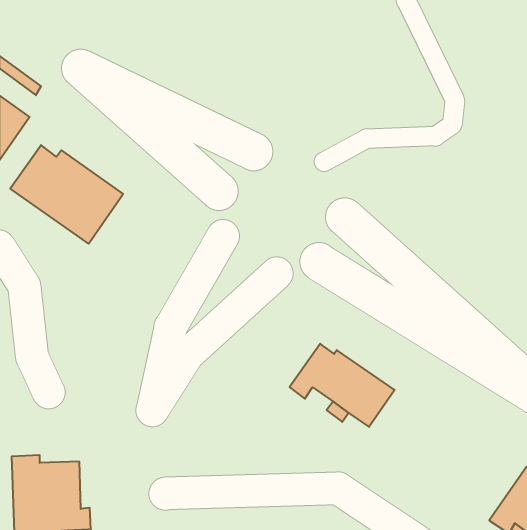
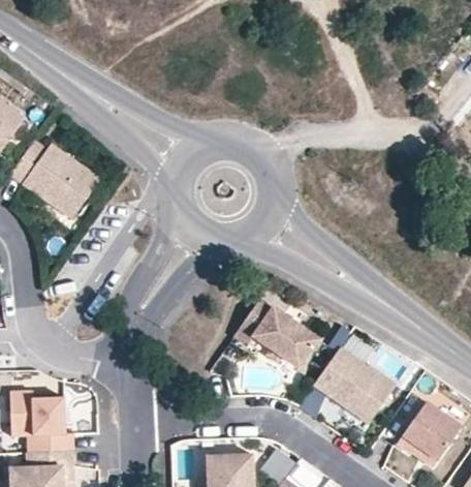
building: none -> [314,347,397,424]

